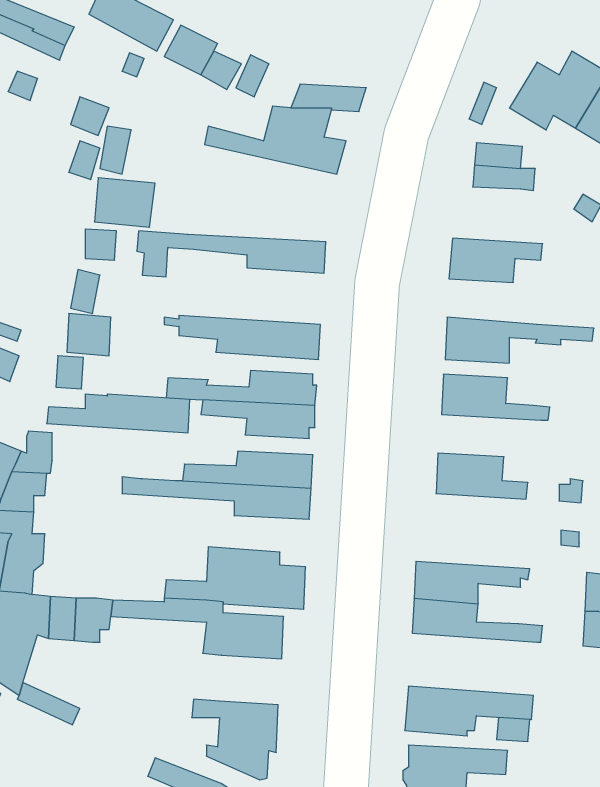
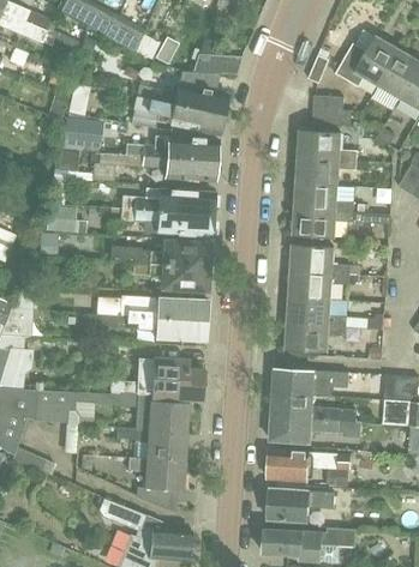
building: none -> [132,96,222,134]
building: none -> [298,132,357,161]
building: none -> [125,135,216,159]
building: none -> [294,183,354,213]
building: [47,394,190,433] -> [119,188,213,213]
building: none -> [288,272,355,300]
building: none -> [286,324,346,352]
building: none -> [270,415,353,444]
building: none -> [116,428,186,462]

